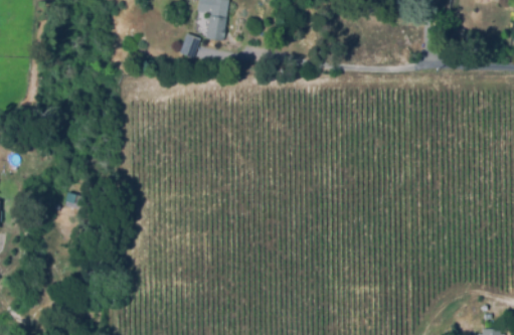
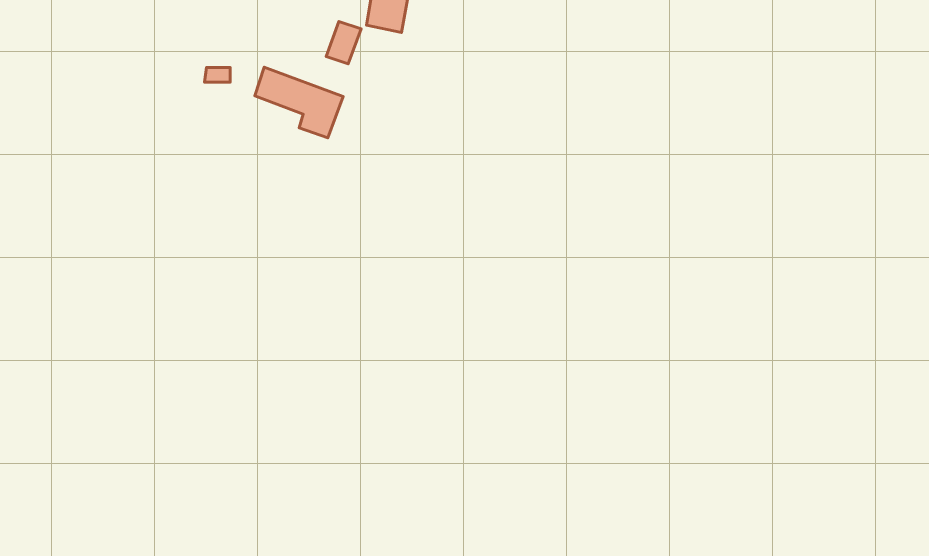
building: none -> [255,67,343,138]

